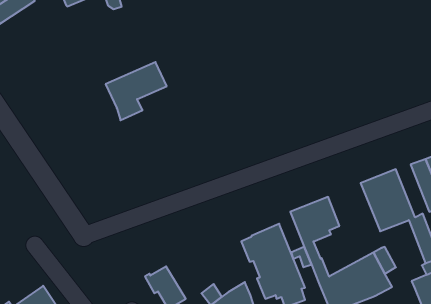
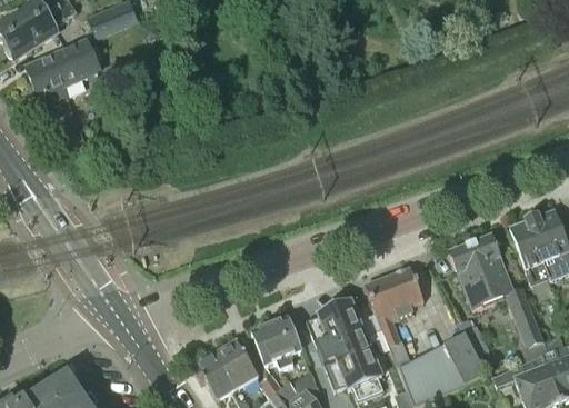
building: [106,62,167,120] -> [26,41,99,111]
building: none -> [250,317,300,369]
building: none -> [214,338,258,389]

